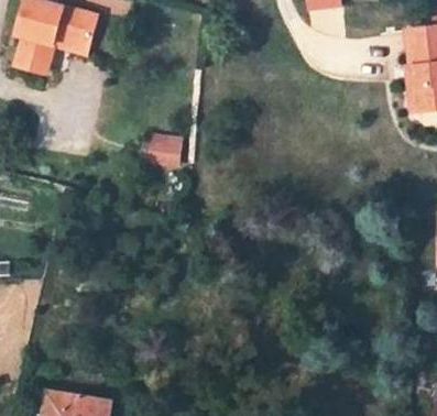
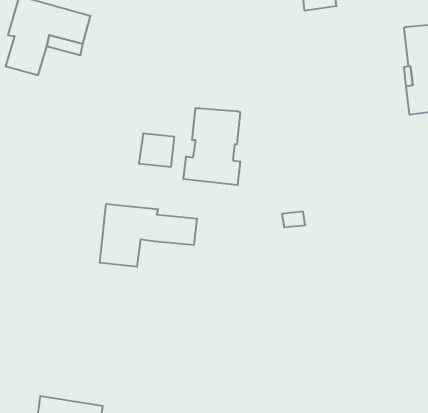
building: none -> [184,108,240,185]
building: none -> [100,204,197,267]

